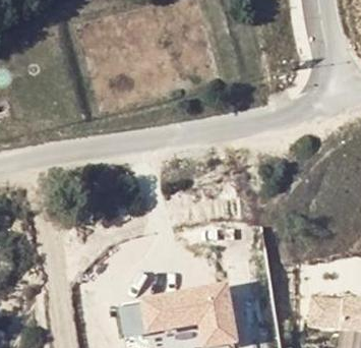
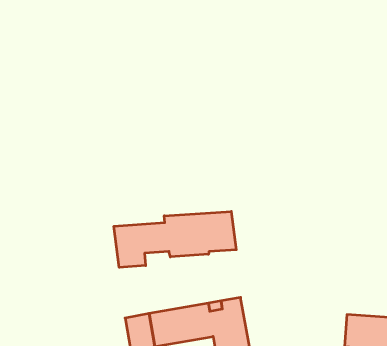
building: none -> [114,211,236,267]

